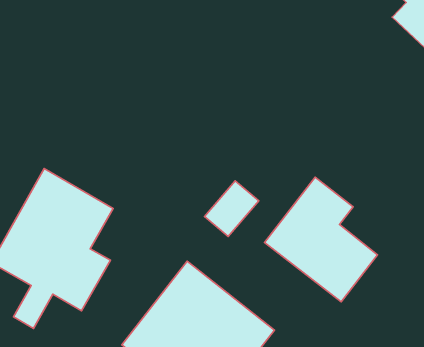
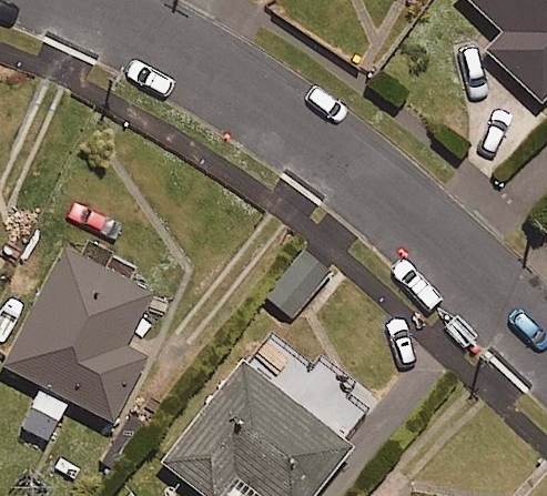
building: [264,177,378,302] -> none

